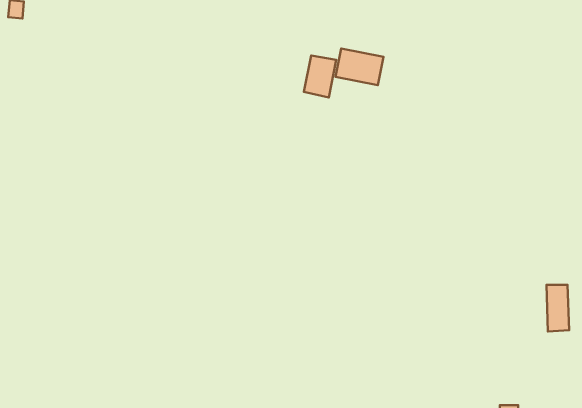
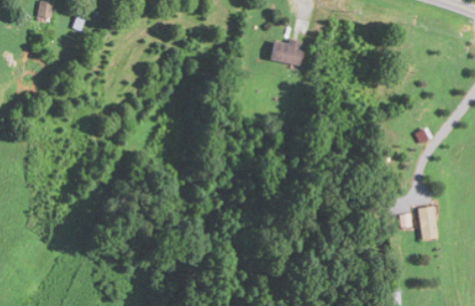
building: [304,56,336,97] -> none

